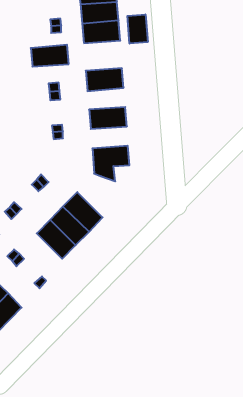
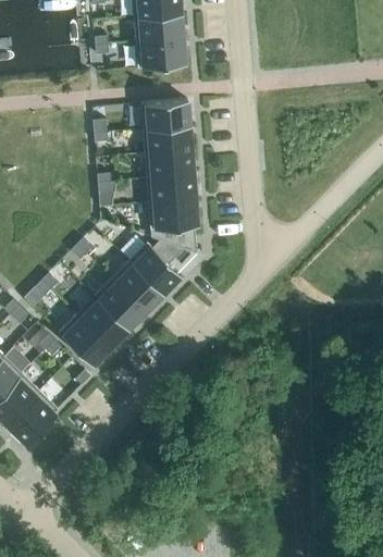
building: [127,14,148,44] -> none
building: [31,45,69,67] -> [145,127,194,156]
building: none -> [149,177,197,206]
building: none -> [132,242,185,295]
building: none -> [61,315,112,367]

